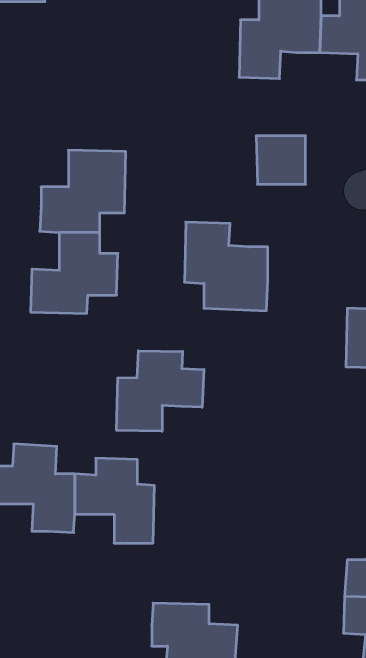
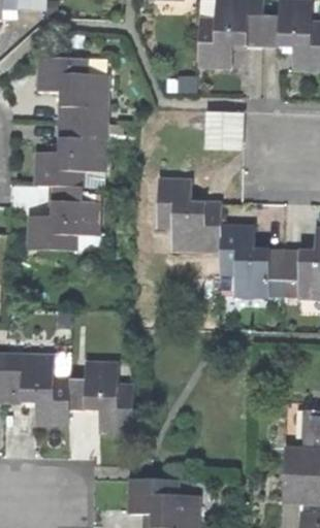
building: none -> [40,58,109,124]
building: none -> [219,226,284,294]
building: [117,351,204,431] -> none

